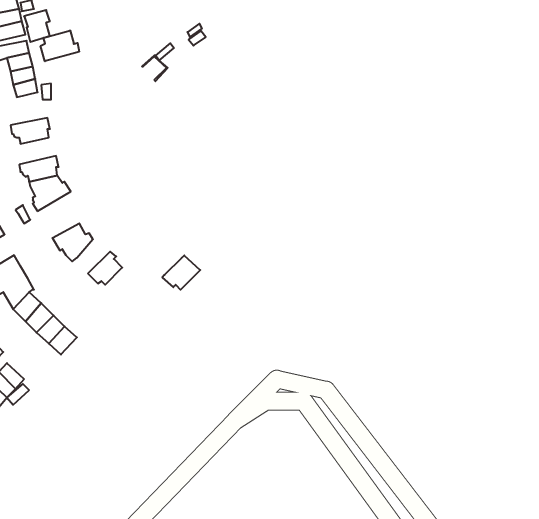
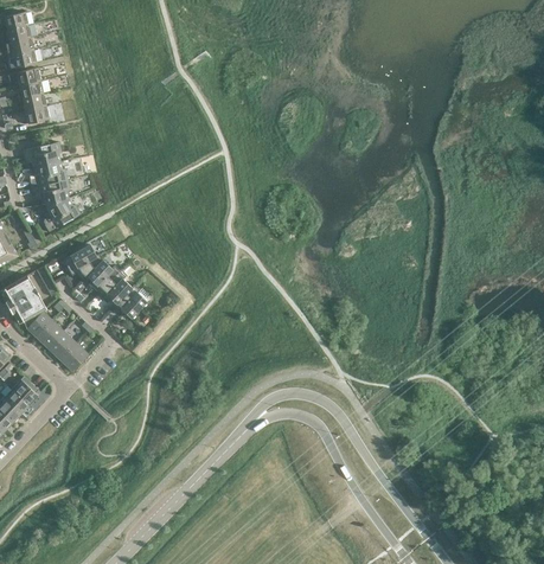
building: [41,30,79,61] -> none
building: none -> [30,161,66,187]
building: none -> [87,259,119,293]
building: [162,255,200,290] -> [111,284,148,318]

